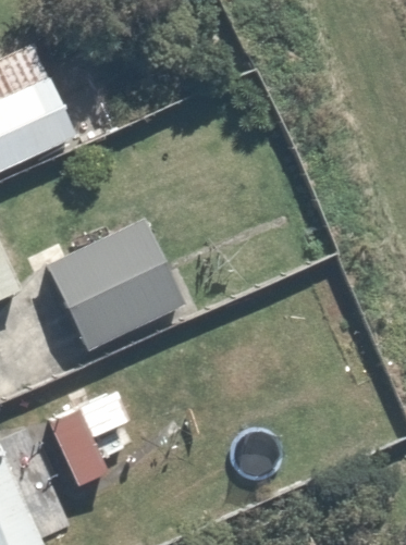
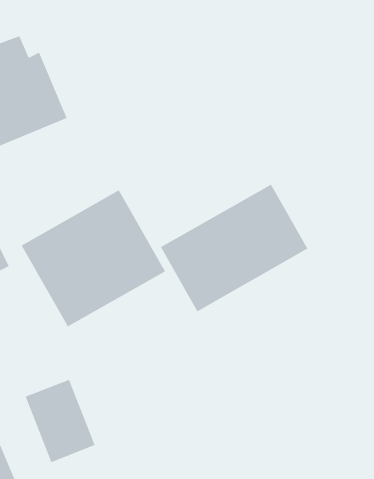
building: none -> [160,184,308,312]

